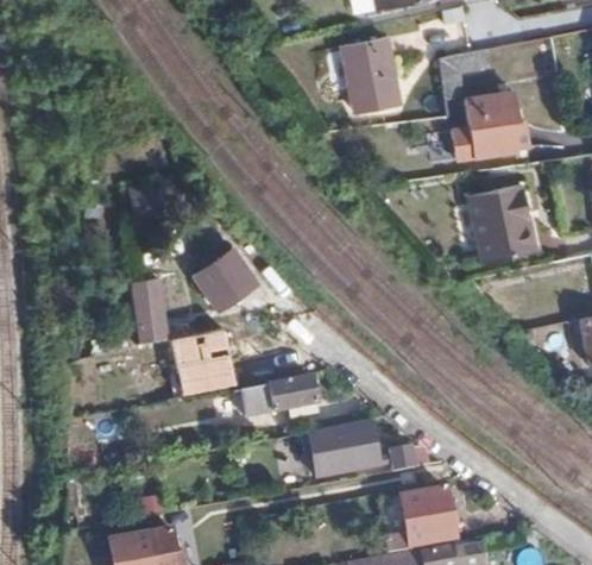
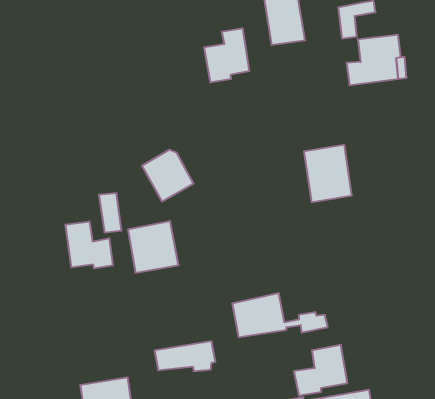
building: none -> [204,28,249,83]
building: [467,184,528,257] -> [304,145,352,202]
building: none -> [65,221,113,269]
building: [238,377,315,415] -> [154,341,215,371]

